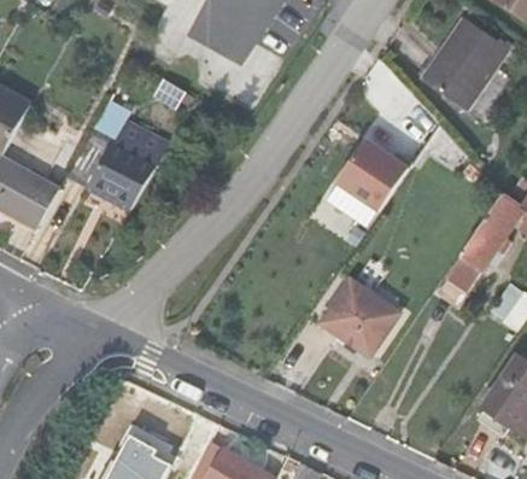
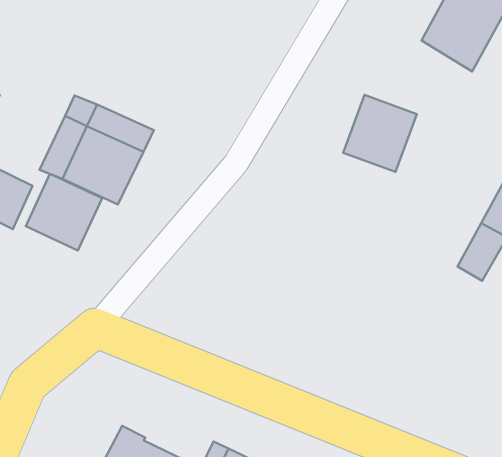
building: none -> [26,174,102,251]
building: [321,281,400,360] -> none

